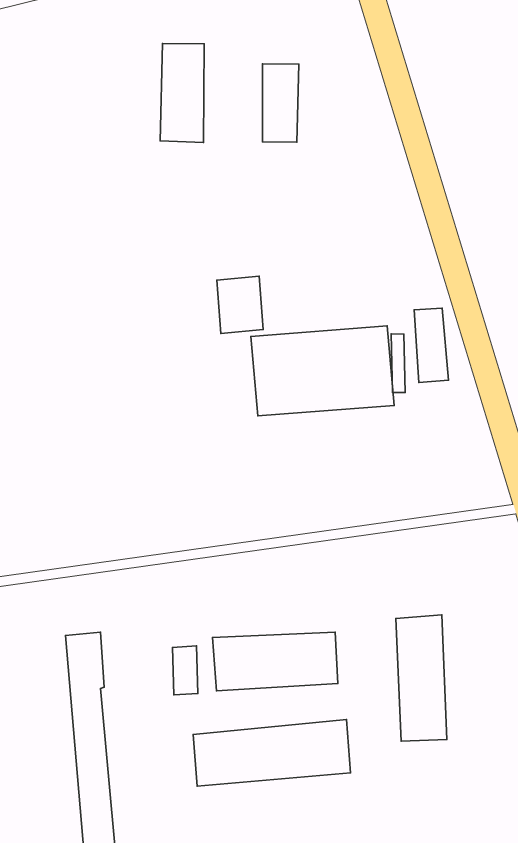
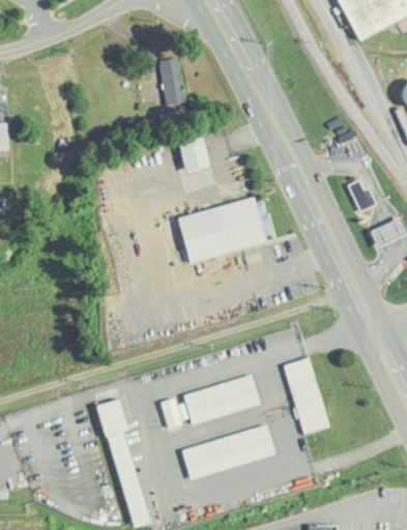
building: [160,43,204,142] -> none
building: [217,276,263,334] -> [178,136,209,172]
building: [414,308,449,383] -> none

